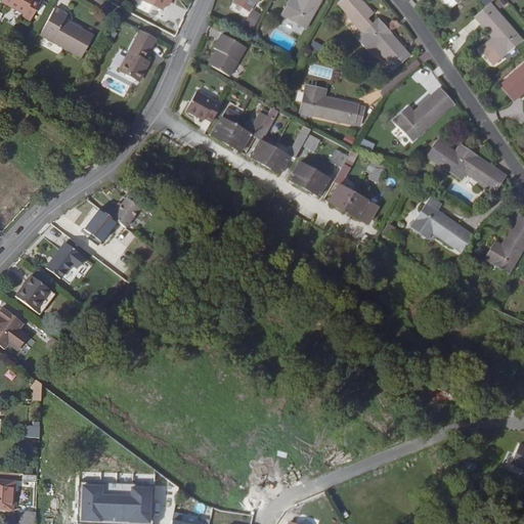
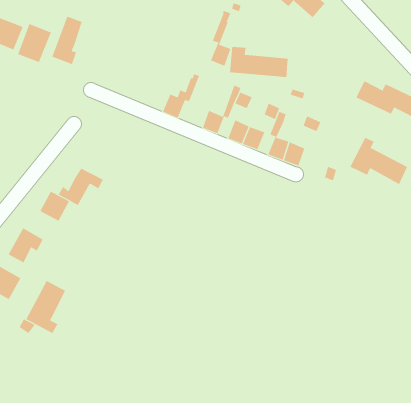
building: none -> [17,23,51,63]
building: [208,33,246,76] -> none
building: [394,88,452,140] -> none
building: [185,90,220,121] -> none
building: [211,106,241,142] -> none
building: [250,106,278,165] -> [210,10,231,66]
building: none -> [26,280,66,334]

